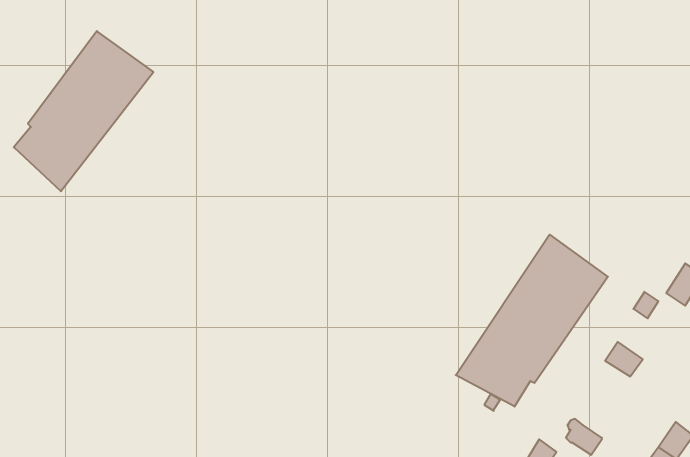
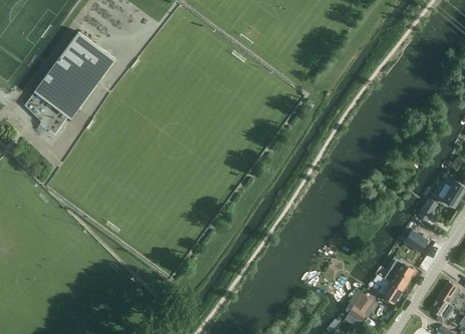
building: [456,235,608,407] -> none
building: none -> [383,262,412,292]

